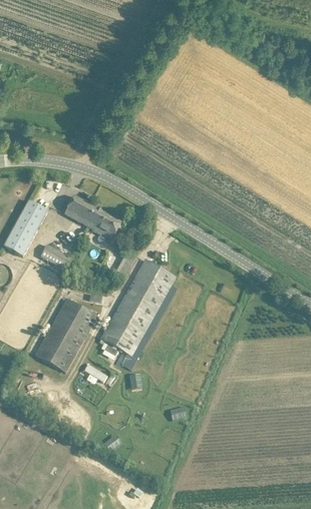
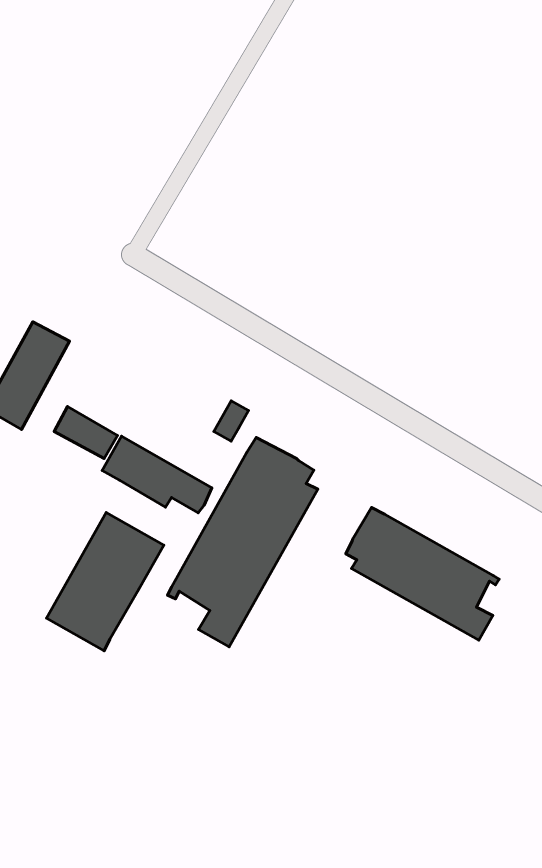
building: [62,195,119,235] -> [102,436,212,513]
building: none -> [346,508,499,640]

